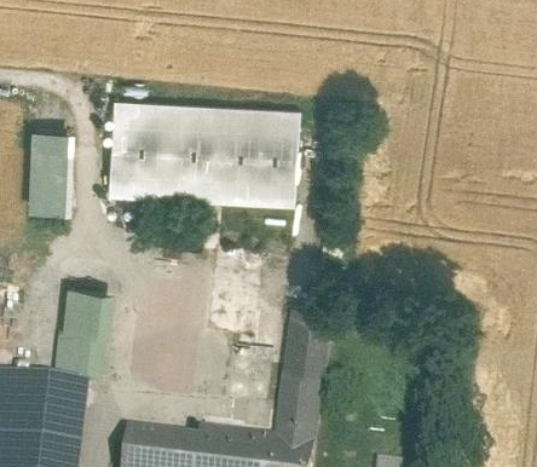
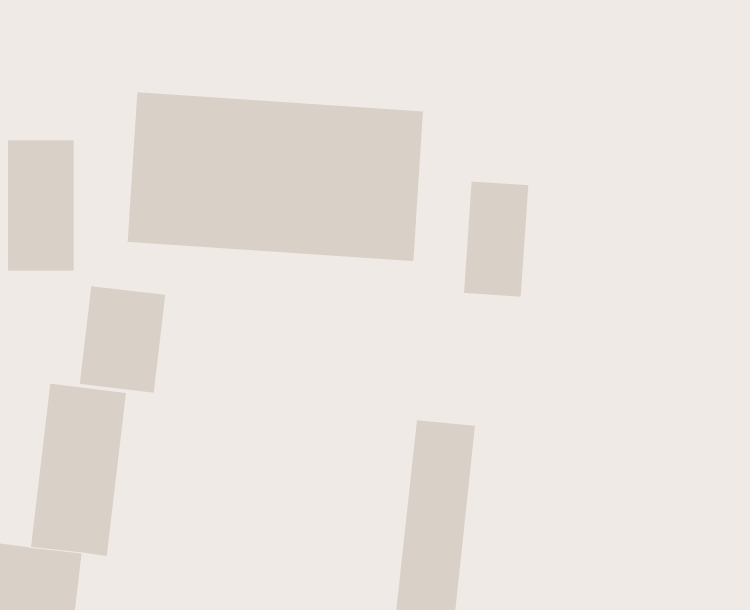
building: none -> [463,181,529,297]
building: none -> [79,285,166,393]

